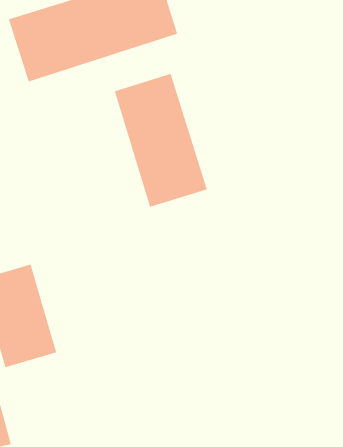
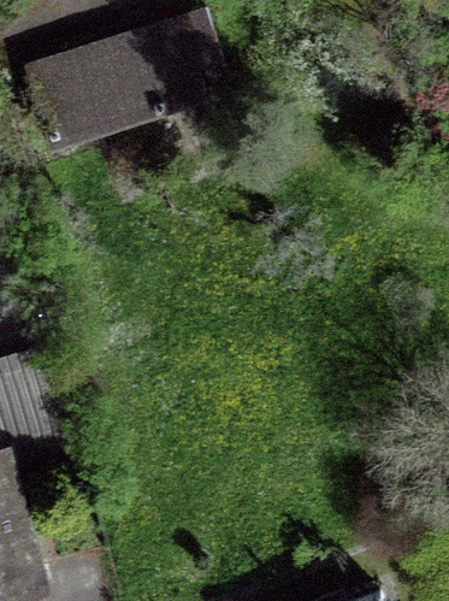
building: [114,73,208,208] -> none

